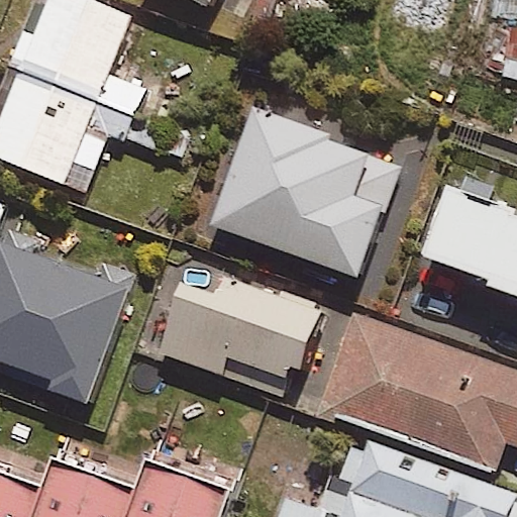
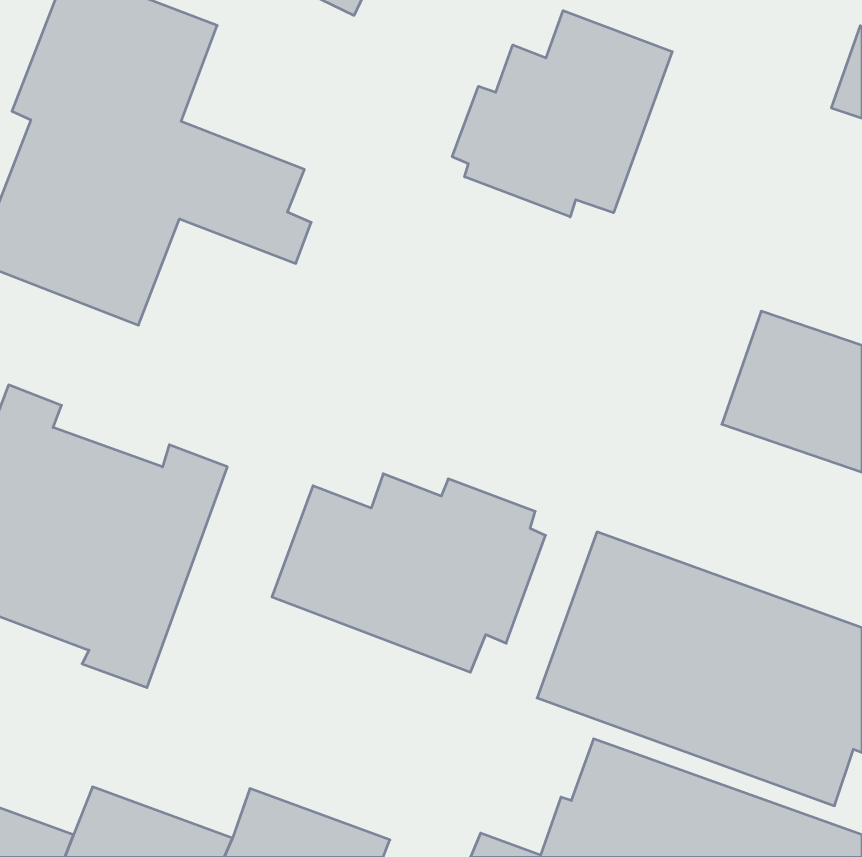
building: none -> [452,11,672,217]
building: [213,111,399,280] -> none

